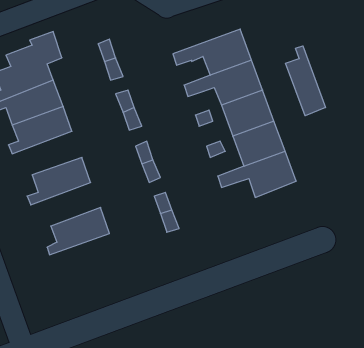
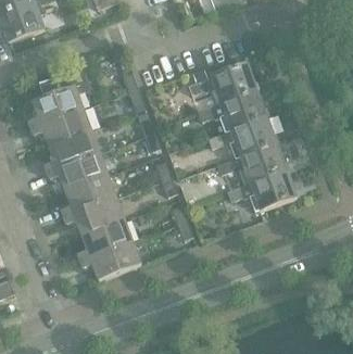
building: [286,46,325,116] -> none
building: none -> [46,151,106,189]
building: none -> [62,195,123,233]
building: none -> [78,240,139,278]

